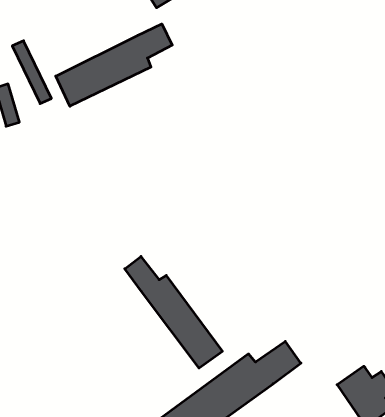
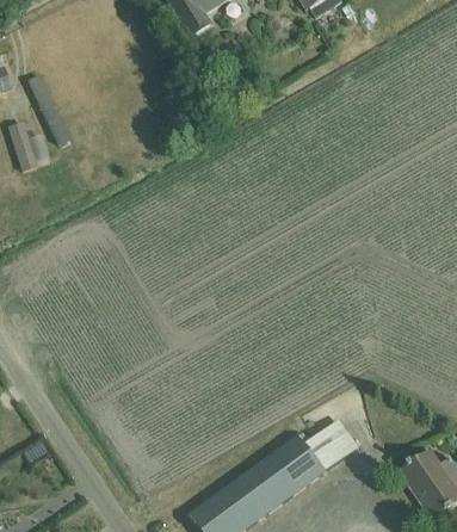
building: [56,24,172,106] -> none
building: [125,256,222,368] -> none

